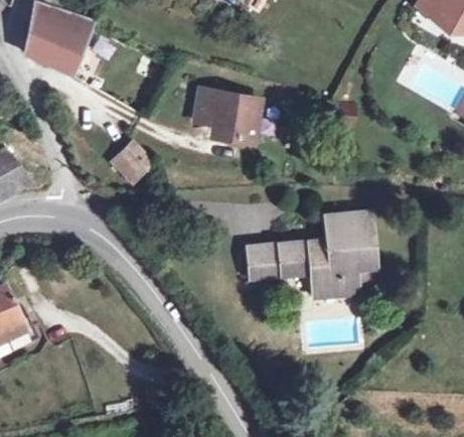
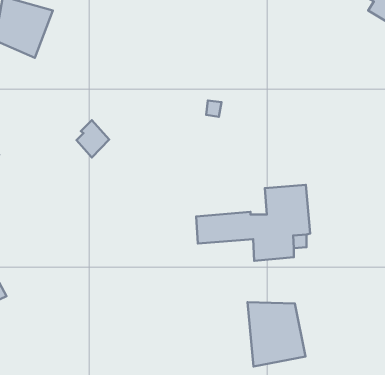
building: [192,88,258,142] -> none
building: none -> [248,302,305,366]

